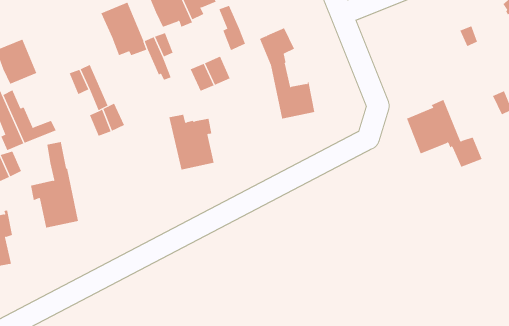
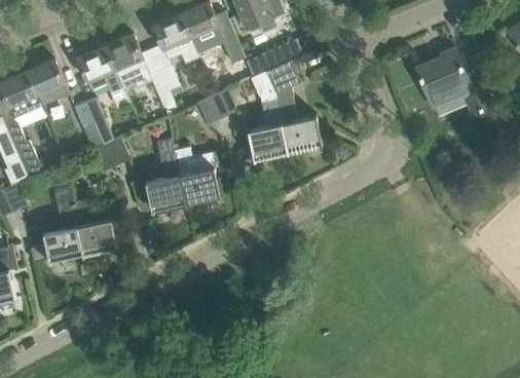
building: none -> [246,39,302,76]
building: none -> [77,45,123,93]
building: none -> [27,59,69,106]
building: none -> [247,98,288,159]
building: [406,99,482,167] -> [416,47,493,116]
building: none -> [145,138,186,211]
building: none -> [72,198,118,255]

